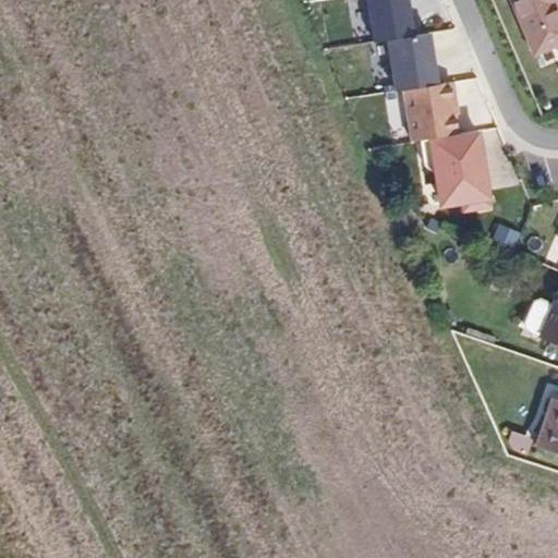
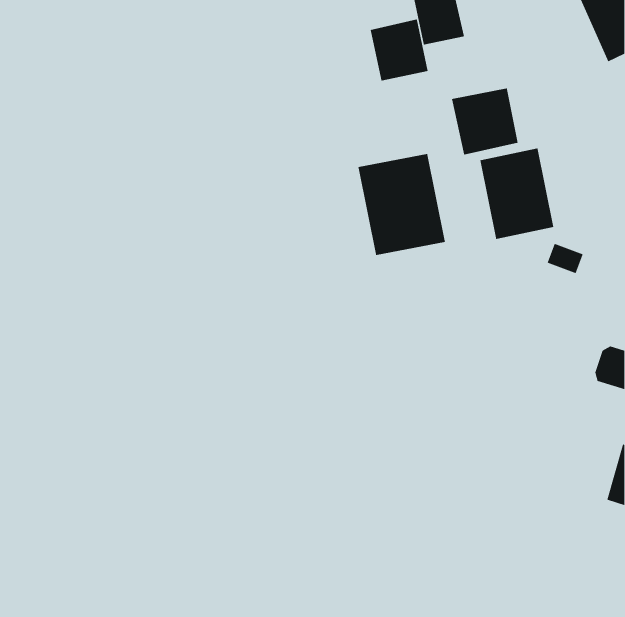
building: [385,31,437,86] -> [370,19,429,81]
building: none -> [358,153,446,256]

